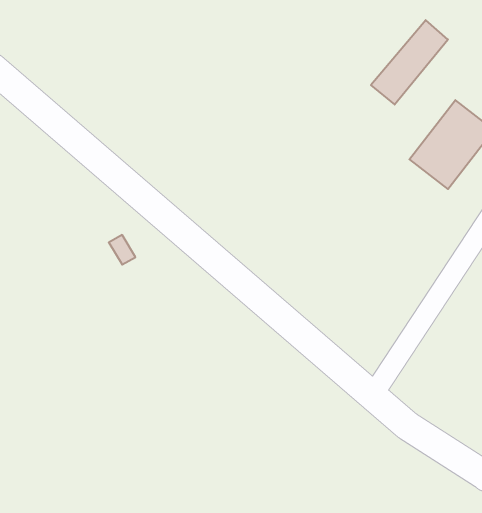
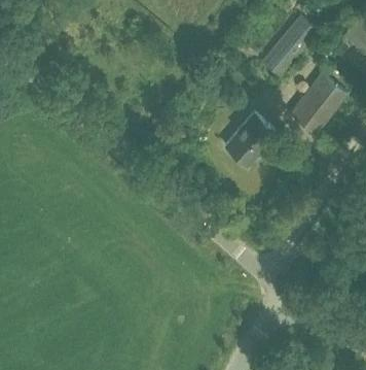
building: none -> [224,111,277,166]

